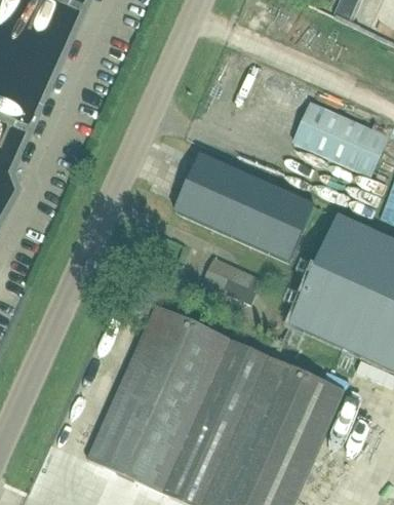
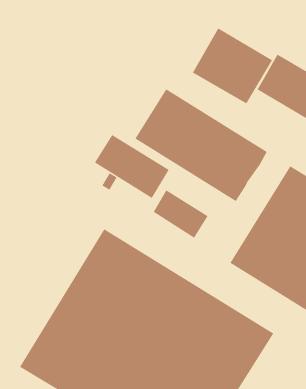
building: none -> [192,28,273,104]
building: none -> [94,134,169,199]

